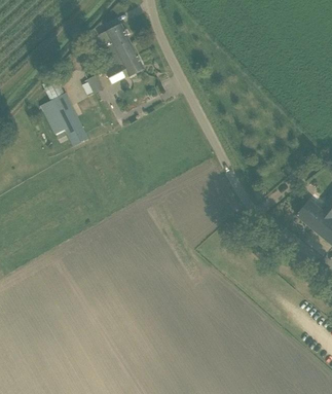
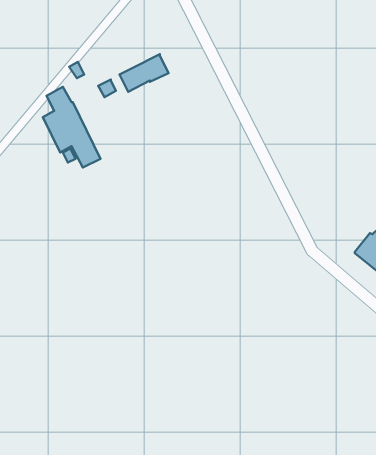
building: [104,24,137,66] -> none

